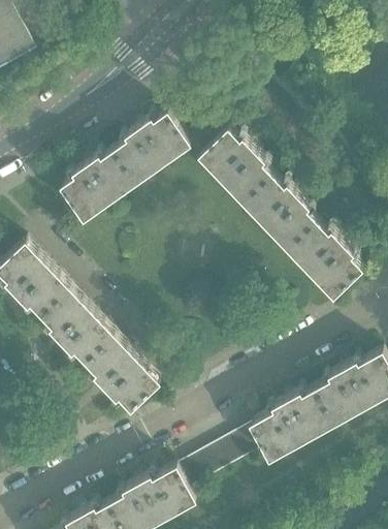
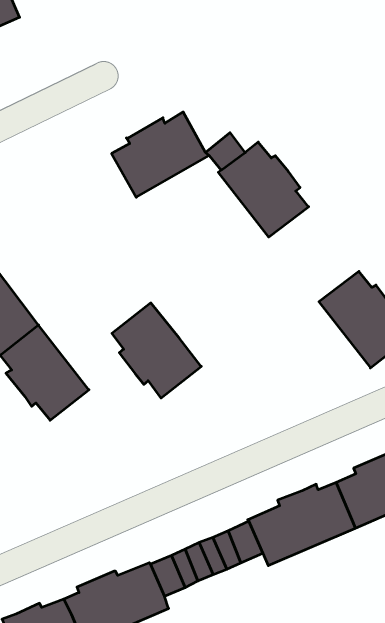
building: [60,153,136,222] -> none
building: [242,179,316,252] -> none
building: [87,339,159,412] -> [112,303,201,398]

